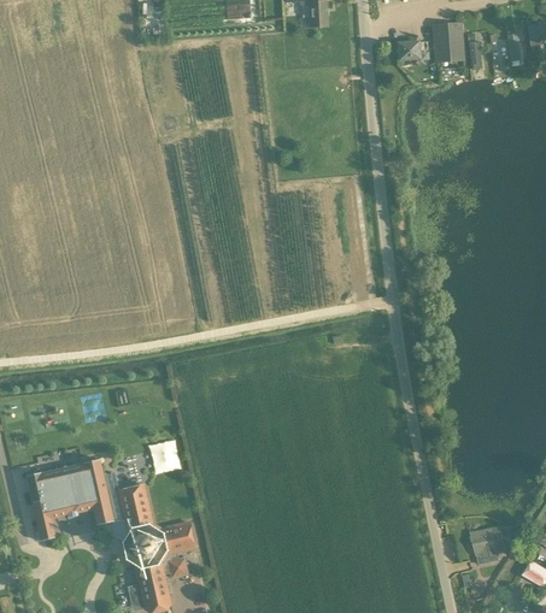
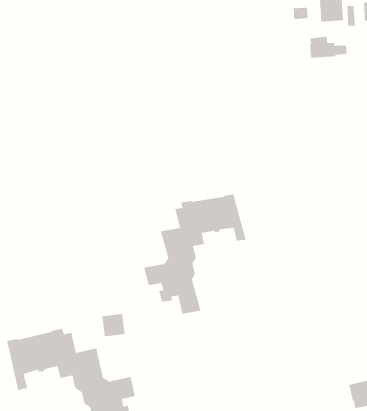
building: none -> [309,36,347,59]
building: none -> [143,194,247,314]

